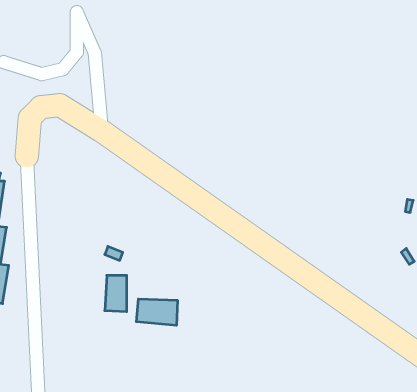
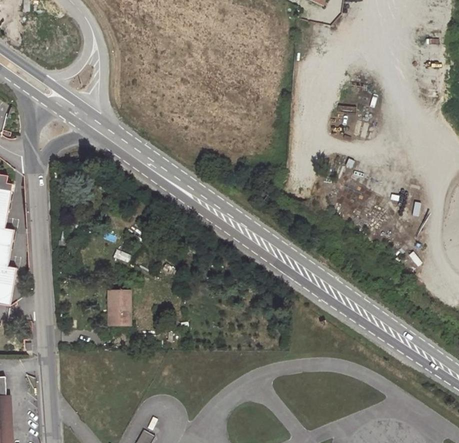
building: [136,299,177,325] -> none

